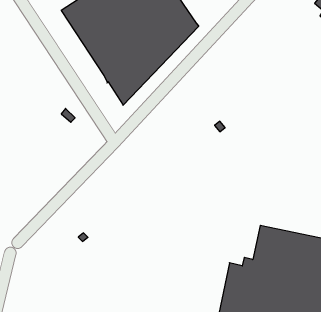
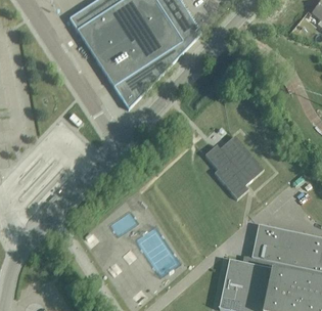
building: none -> [204,135,263,198]

